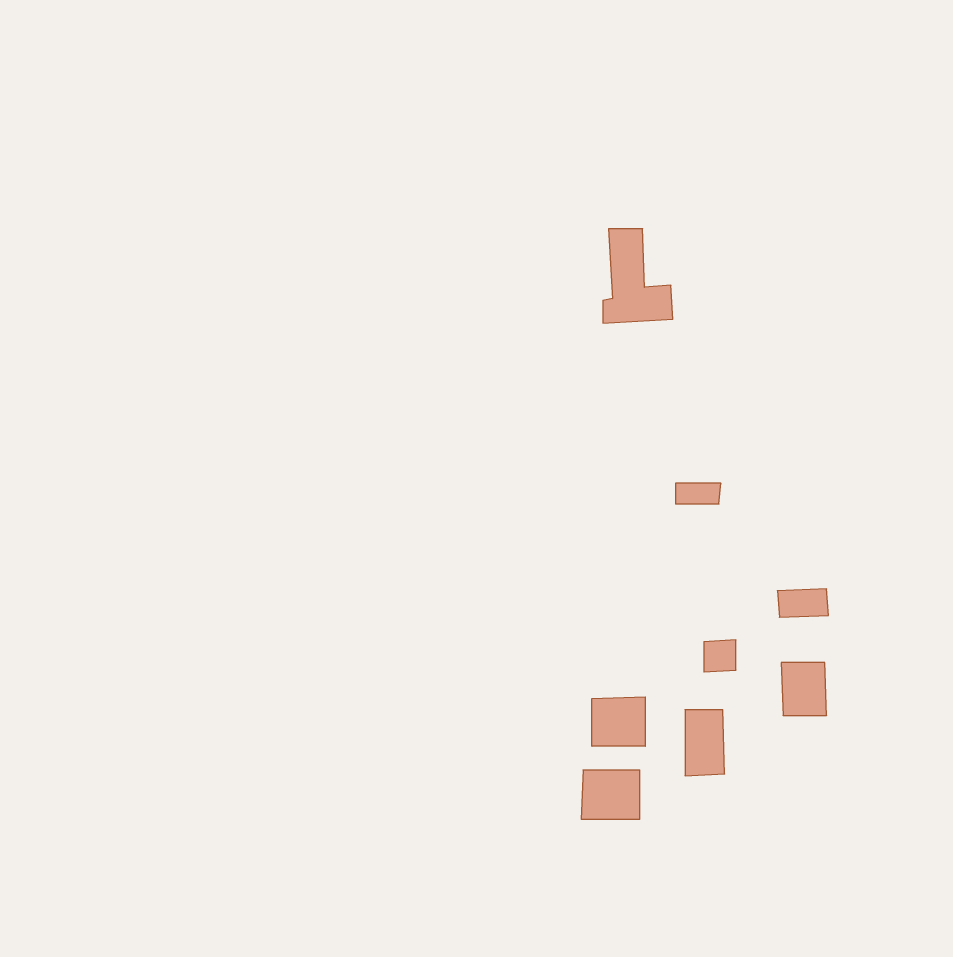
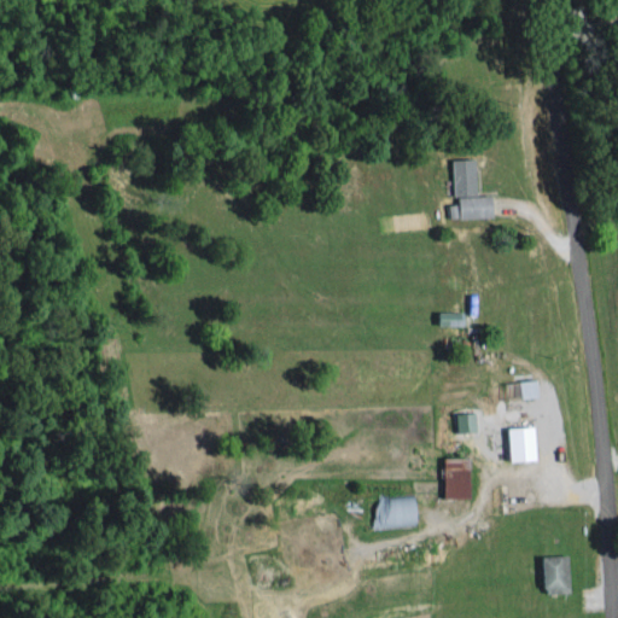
building: [603,229,673,323] -> [451,161,496,221]
building: [592,697,645,746] -> none
building: none -> [543,558,571,595]

